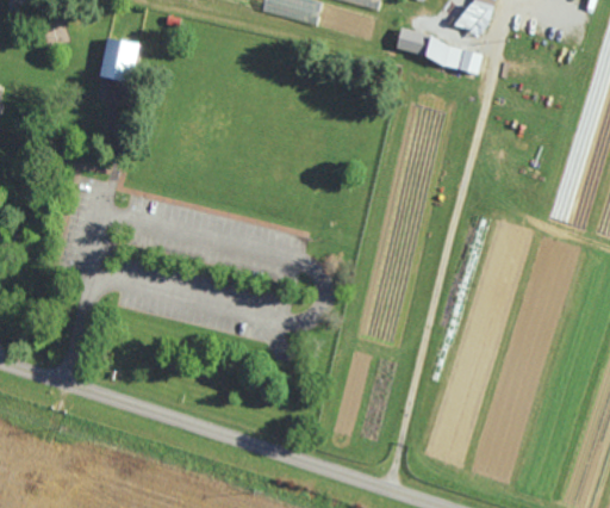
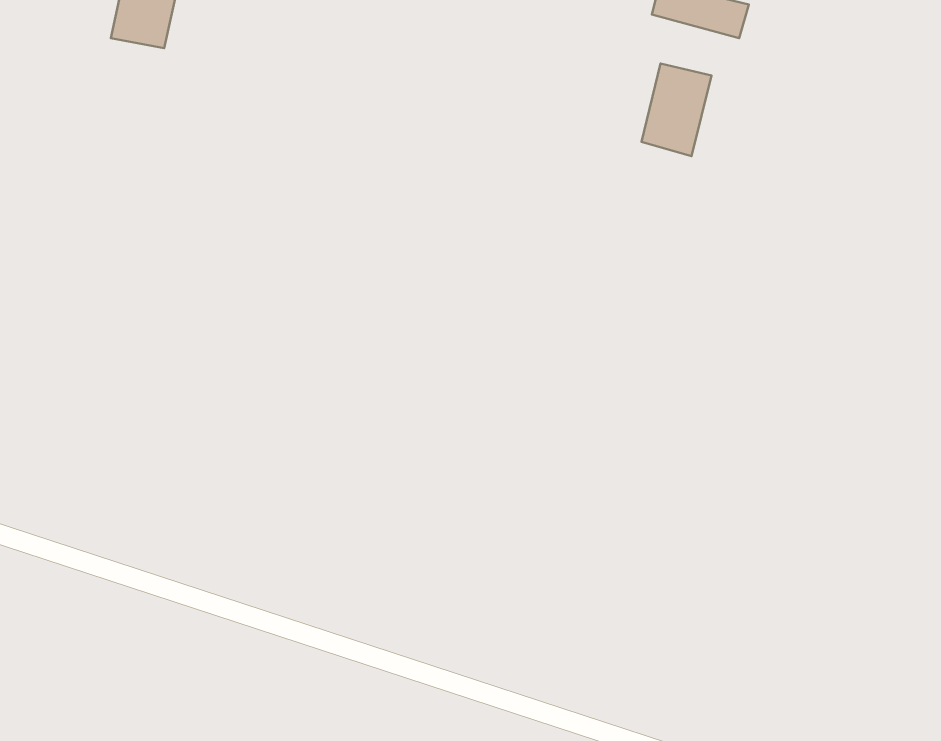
building: none -> [641,63,712,156]

